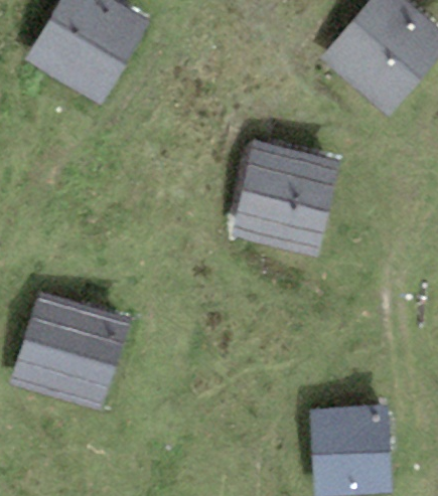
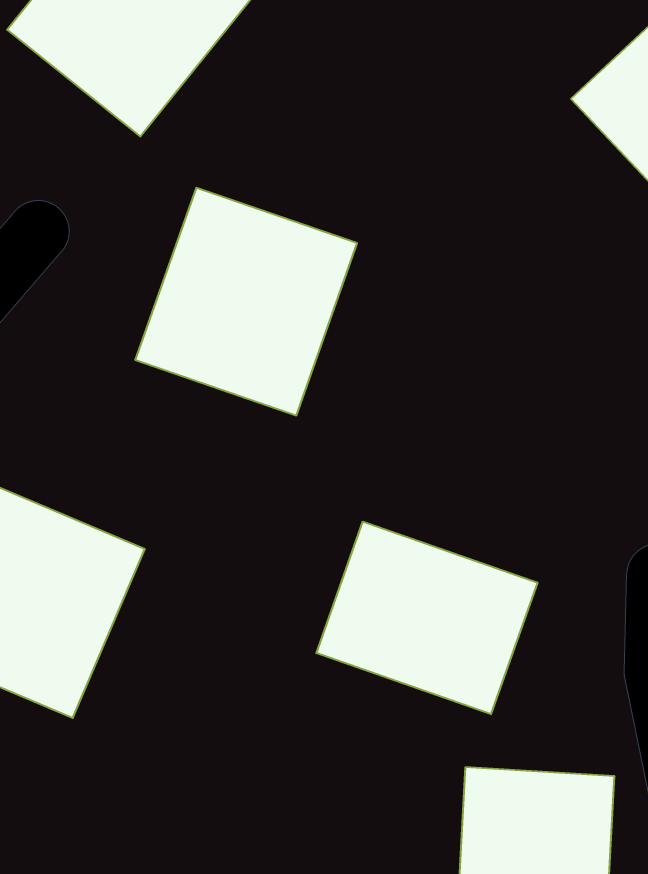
building: [231,143,337,254] -> [135,188,357,415]
building: none -> [316,522,537,714]

